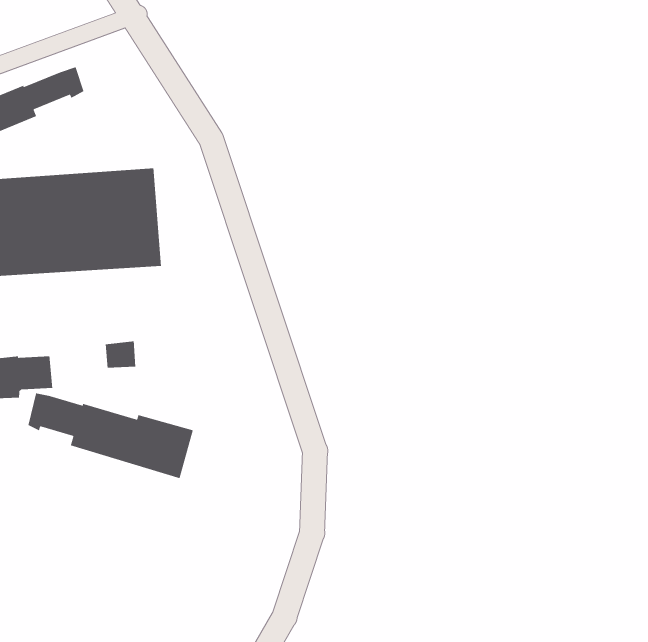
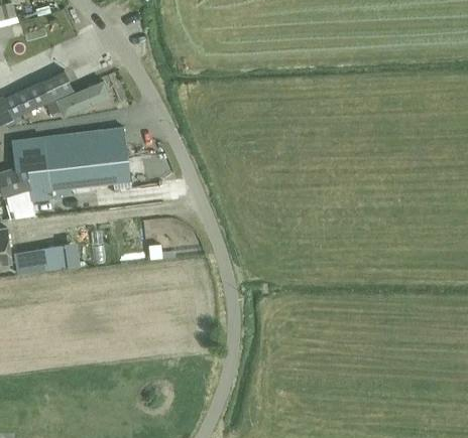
building: none -> [54,81,110,118]
building: [27,392,194,479] -> none

